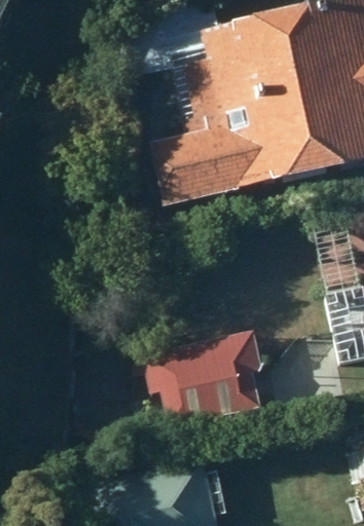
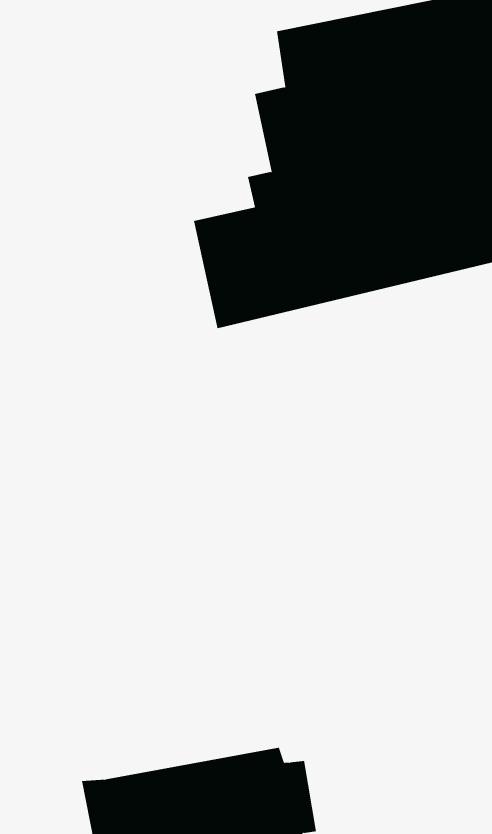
building: [140,327,259,424] -> none

